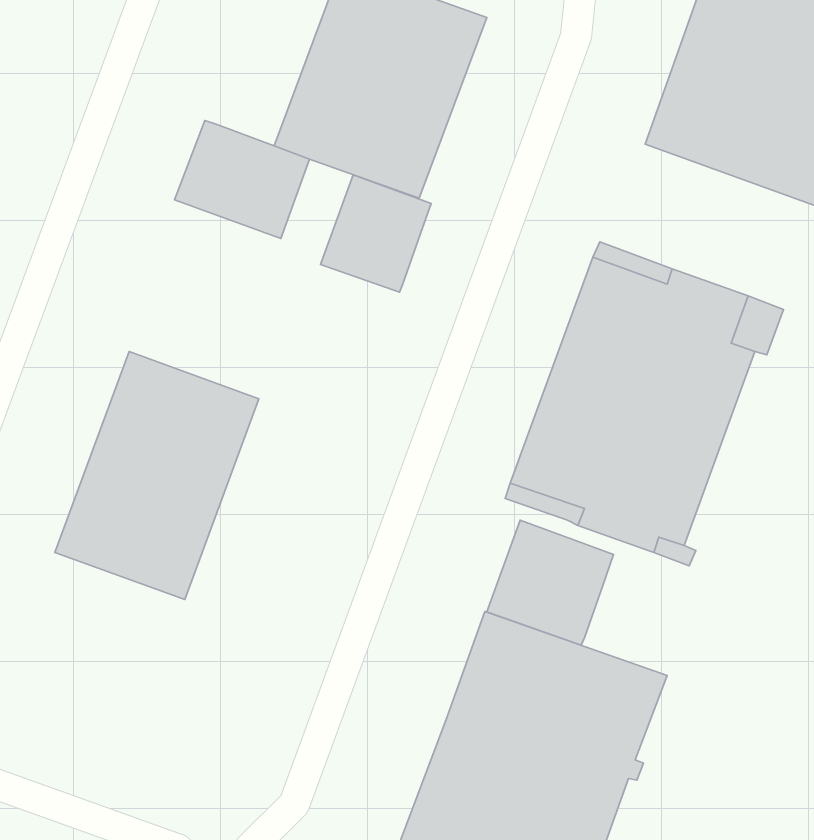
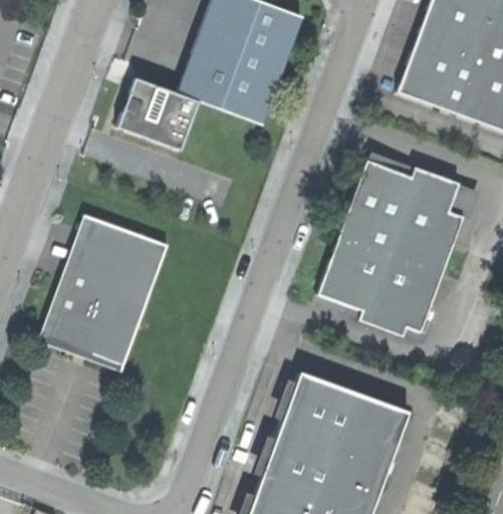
building: [321,175,431,292] -> none
building: none -> [38,213,123,370]
building: [487,520,614,645] -> none

